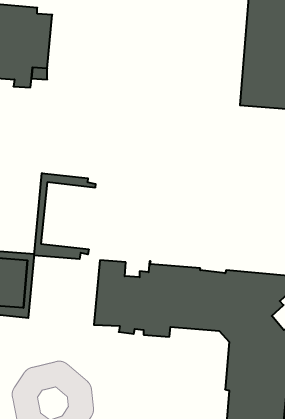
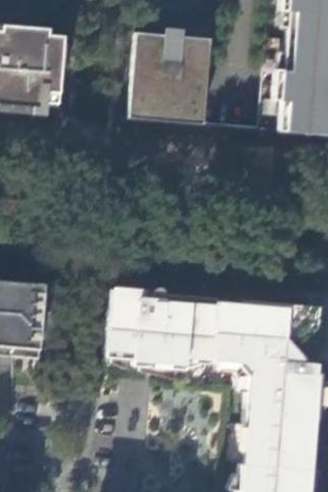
building: none -> [130,33,211,124]
building: [34,173,96,259] -> none

